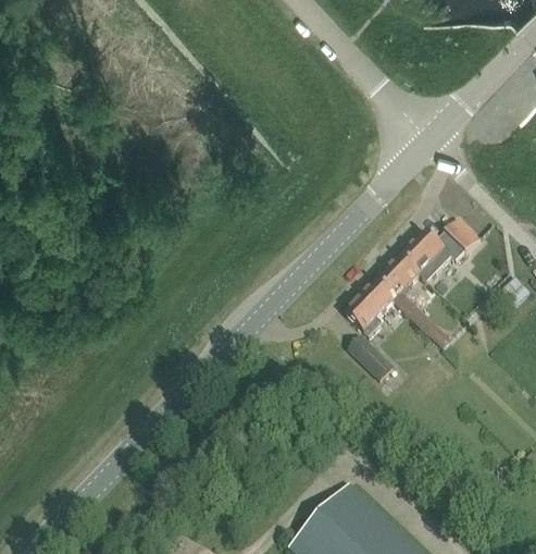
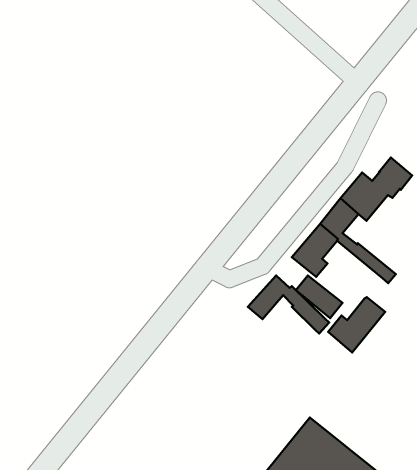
building: none -> [248,276,329,334]
building: none -> [328,297,385,352]

